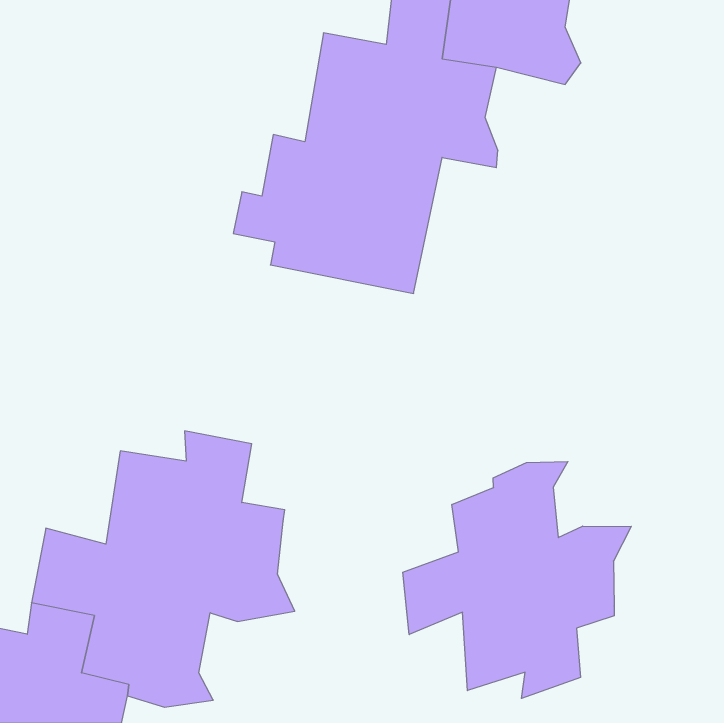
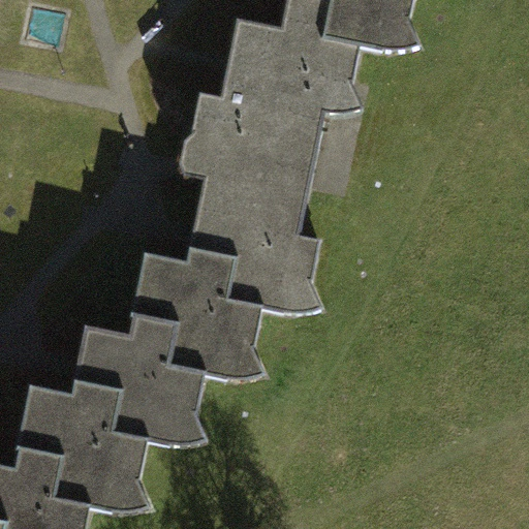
building: none -> [133,191,317,380]
building: [403,462,631,698] -> none

